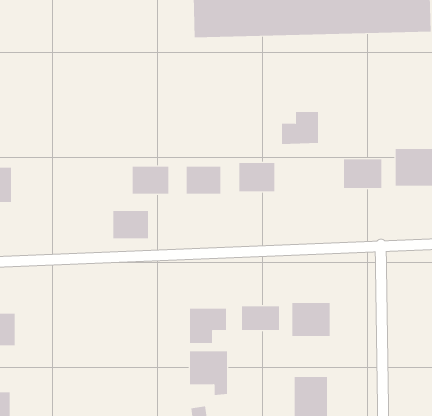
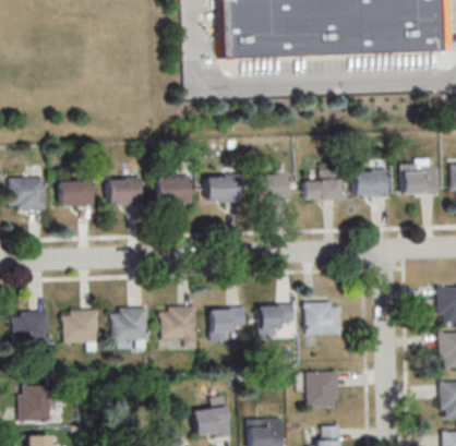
building: [281,112,319,144] -> [305,170,340,201]
building: none -> [60,180,94,206]
building: [112,211,149,239] -> [108,178,142,204]
building: none -> [111,308,147,347]
building: none -> [63,310,99,350]
building: [189,351,228,395] -> [161,306,197,348]

